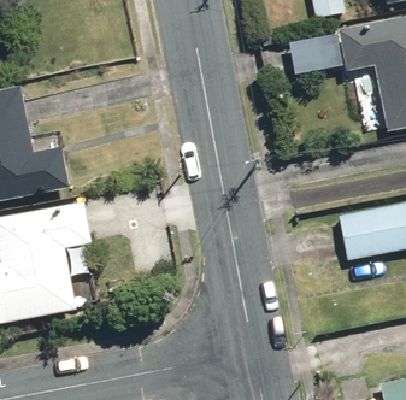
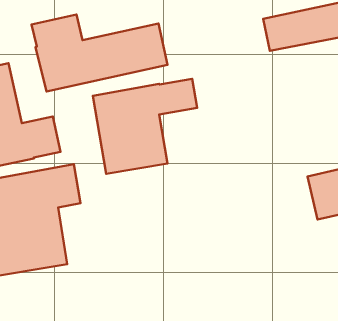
building: none -> [31,15,168,92]
building: none -> [93,79,197,174]

